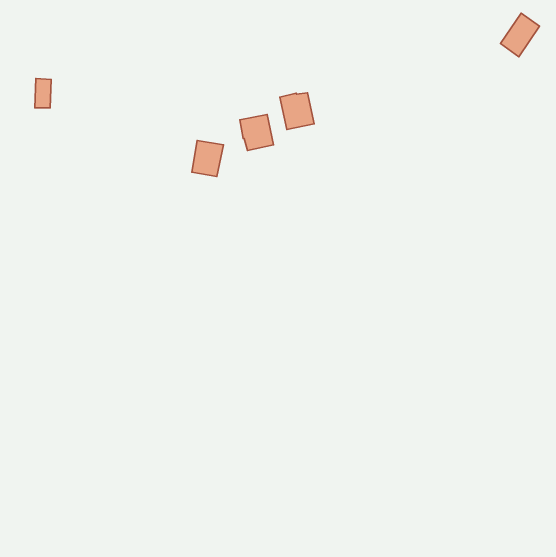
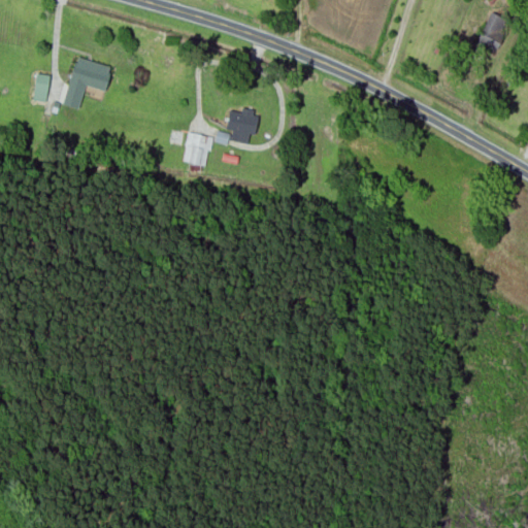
building: none -> [63,58,111,109]
building: [280,93,314,129] -> none

